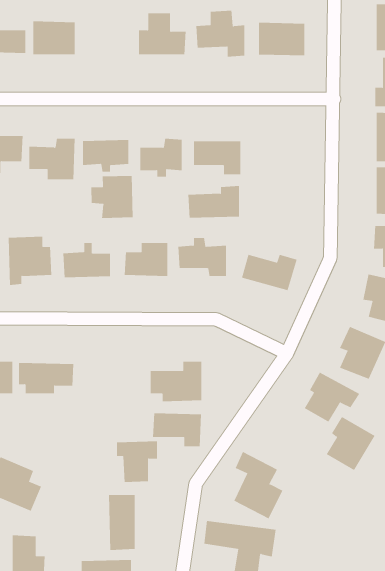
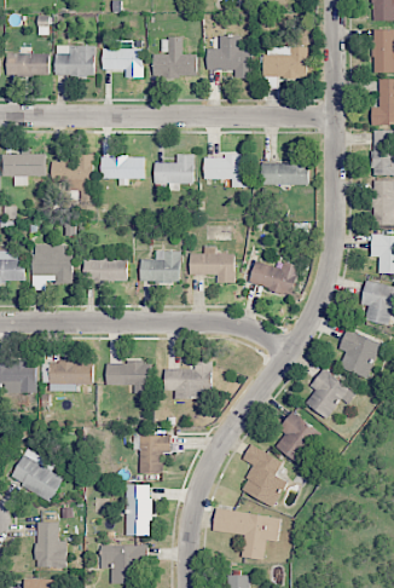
building: none -> [102,48,143,77]
building: [91,175,133,219] -> none
building: [188,185,240,218] -> [260,155,308,185]
building: [152,413,202,447] -> [105,362,151,393]
building: [326,416,375,471] -> [274,413,320,463]

